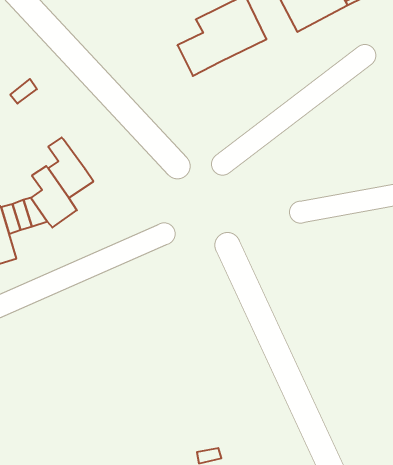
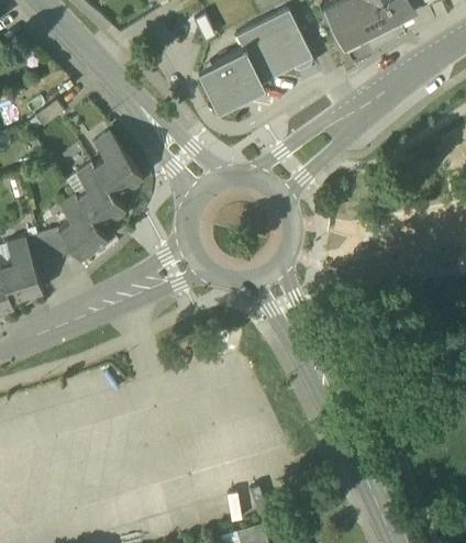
building: none -> [198,64,264,111]
building: none -> [92,131,142,197]

